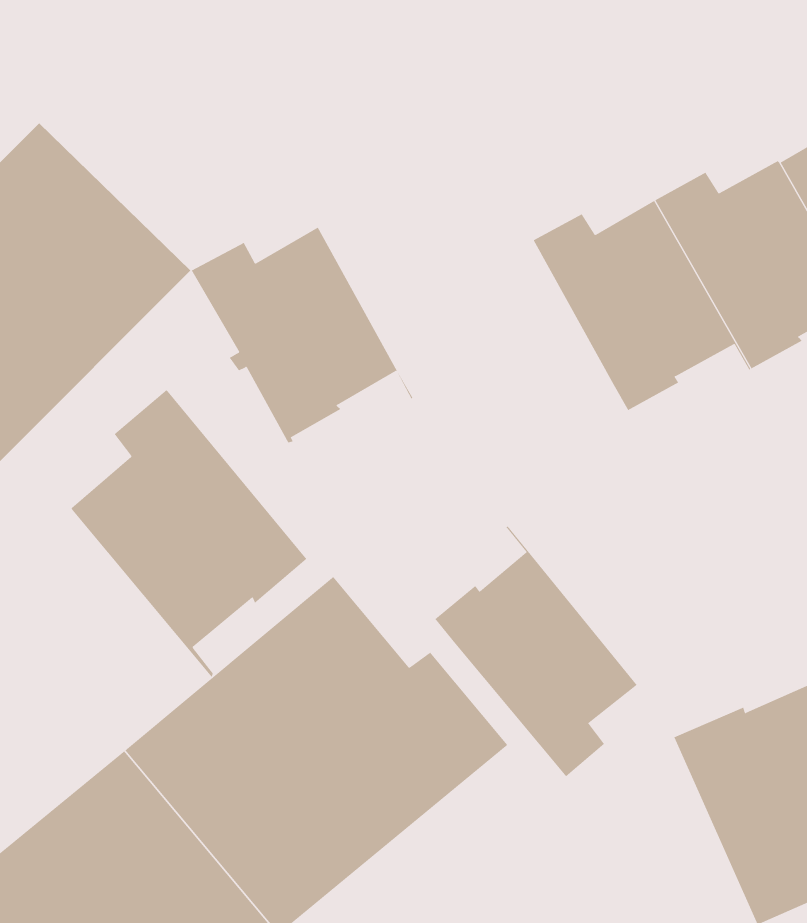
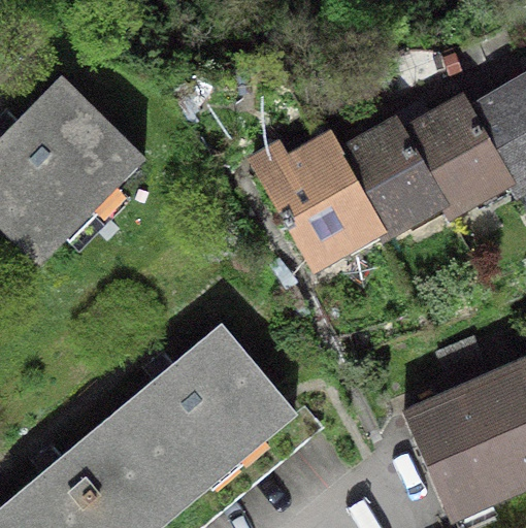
building: [191,227,413,443] -> [260,142,381,260]
building: [71,389,307,678] -> none
building: [435,526,637,777] -> none

